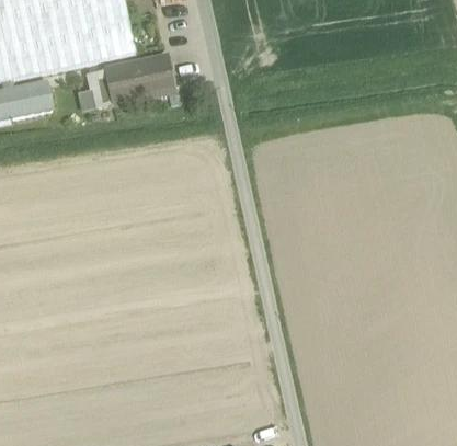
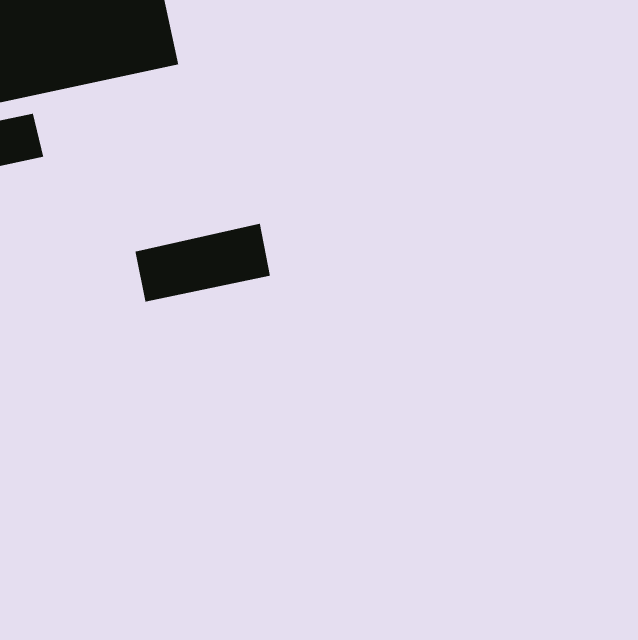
building: [91,59,175,108] -> [134,223,271,303]

